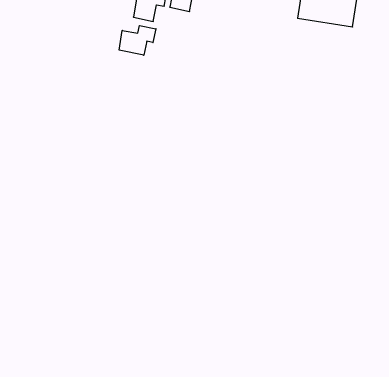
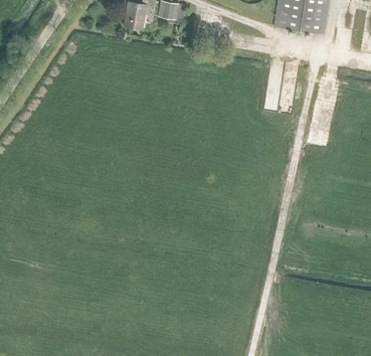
building: [119,26,156,55] -> none

